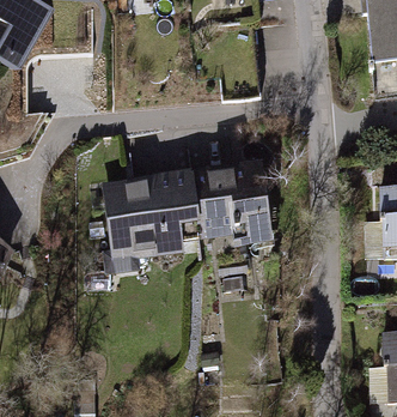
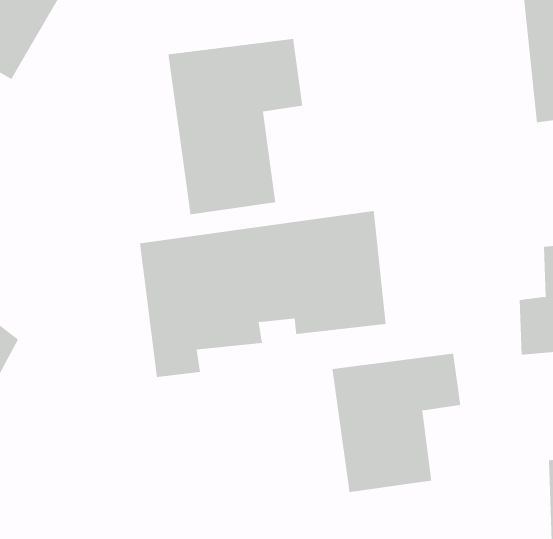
building: none -> [168,38,303,215]
building: none -> [332,353,461,493]

